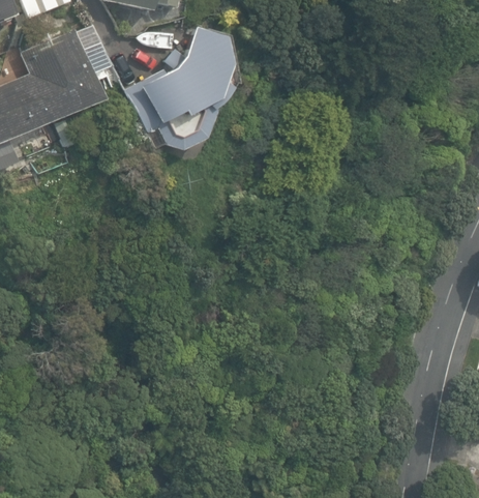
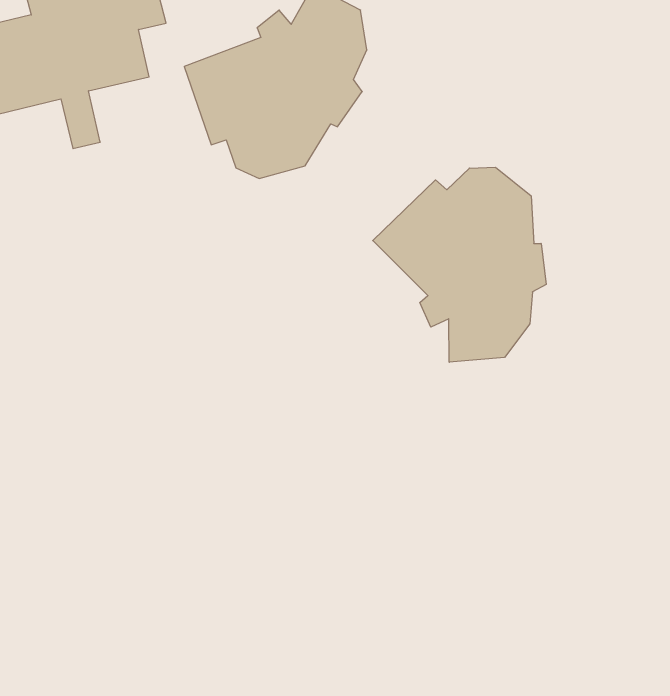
building: none -> [373,167,546,362]

